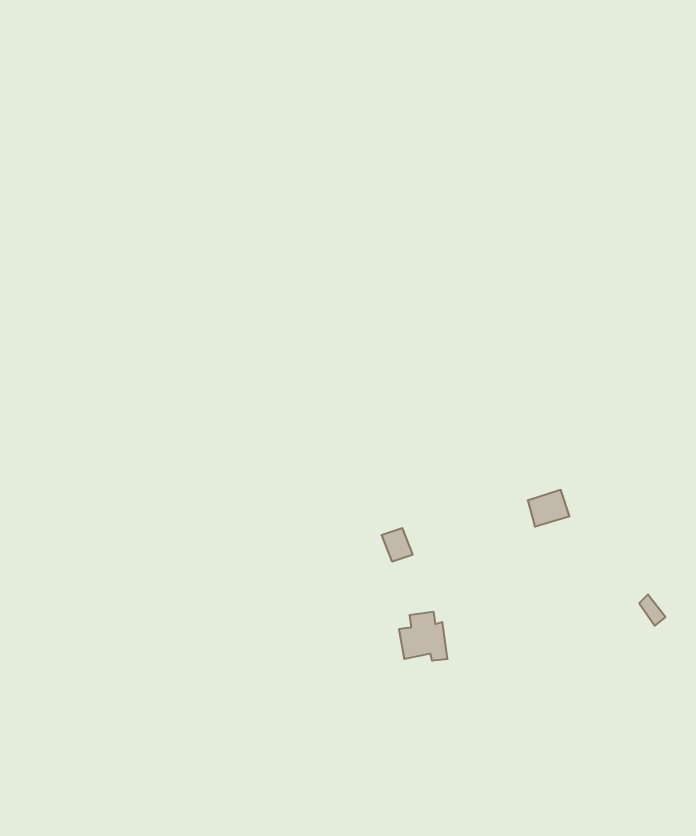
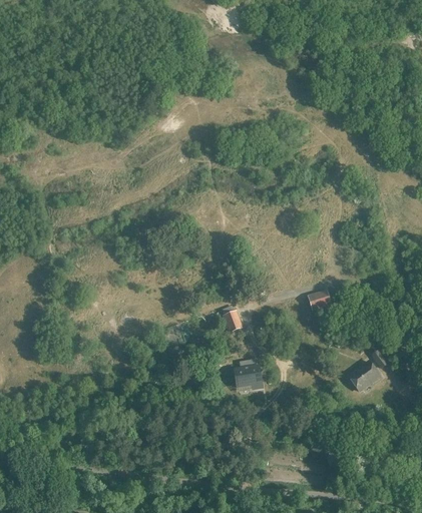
building: none -> [348,362,379,392]

